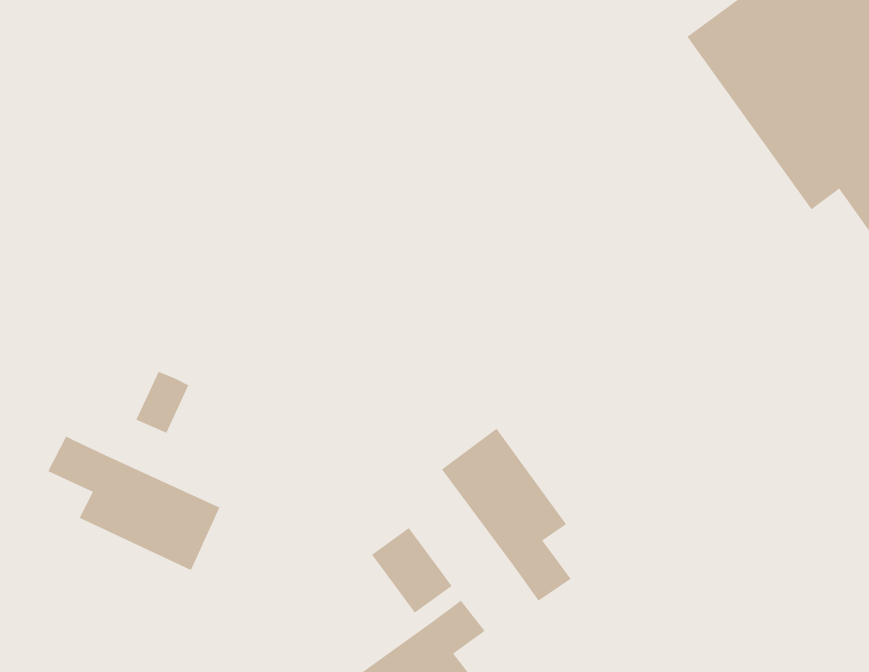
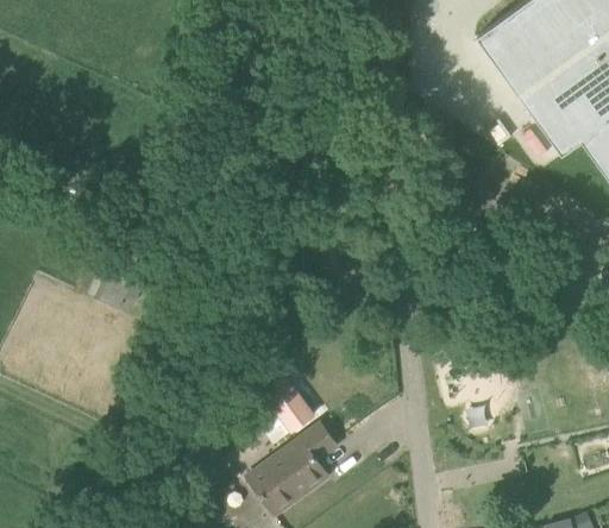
building: [441,428,572,601] -> none
building: [47,436,220,571] -> none

